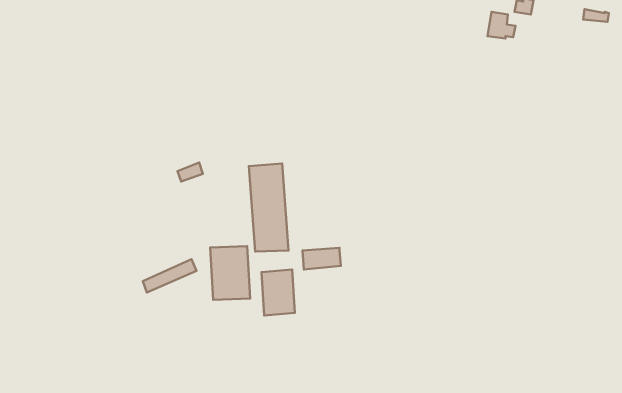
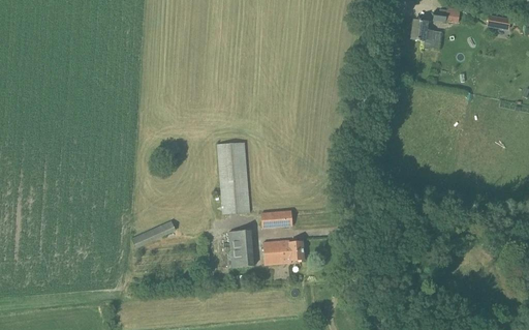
building: [210,246,250,300] -> none
building: none -> [262,239,303,264]

